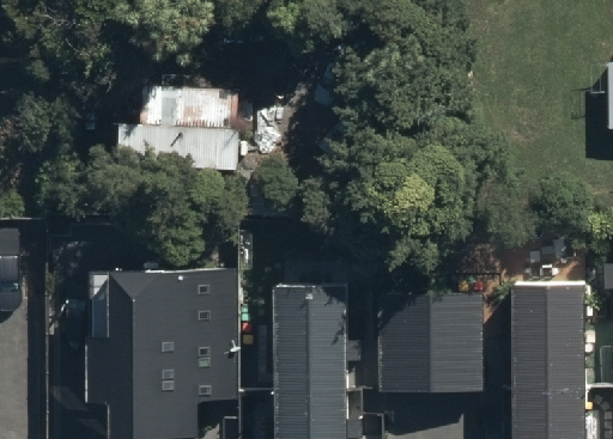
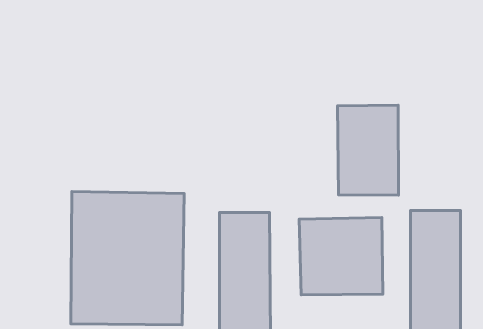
building: [120,85,237,175] -> none
building: none -> [337,105,399,195]

